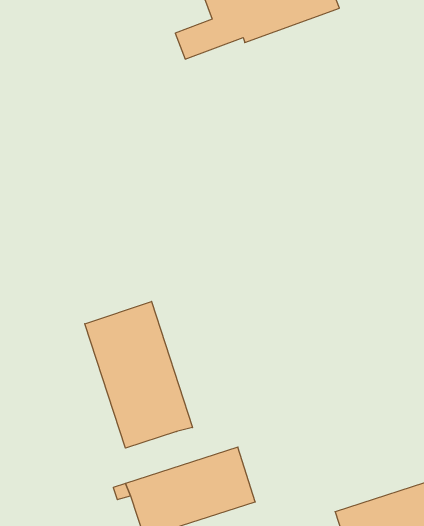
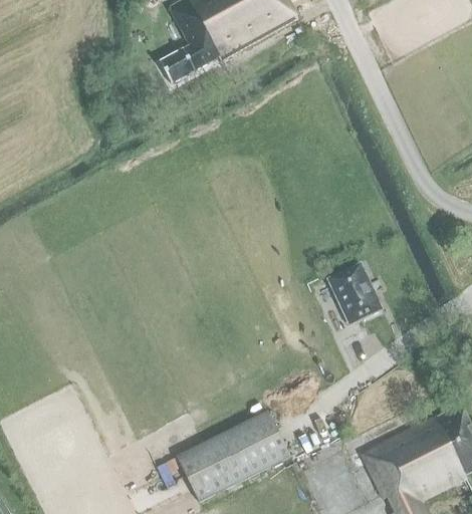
building: none -> [325,261,384,326]
building: [85,301,192,448] -> none

